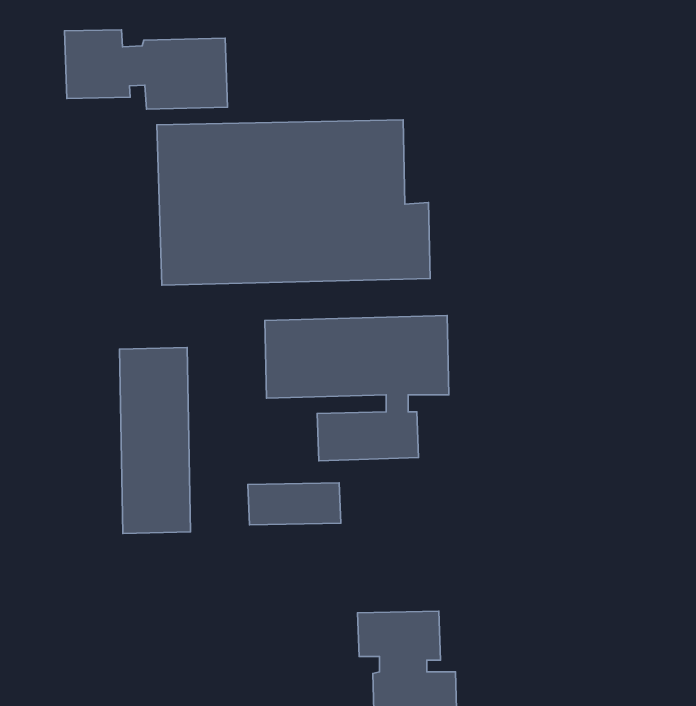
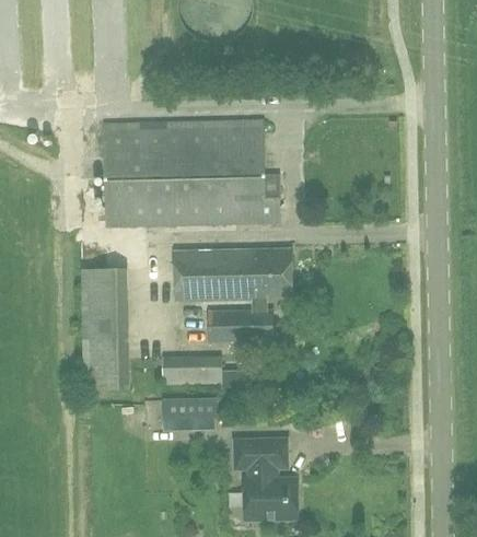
building: [64,30,227,109] -> none
building: none -> [162,399,216,427]

